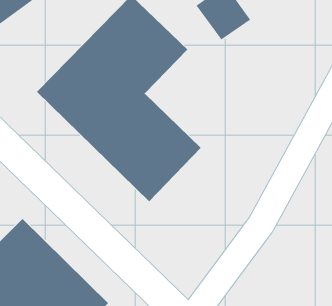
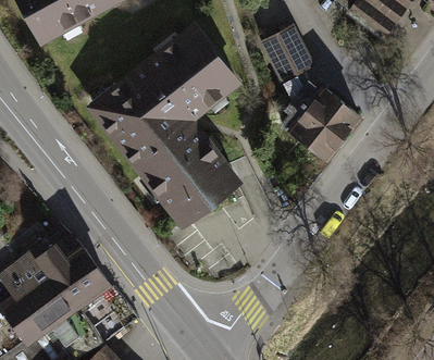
building: none -> [277,80,361,163]

